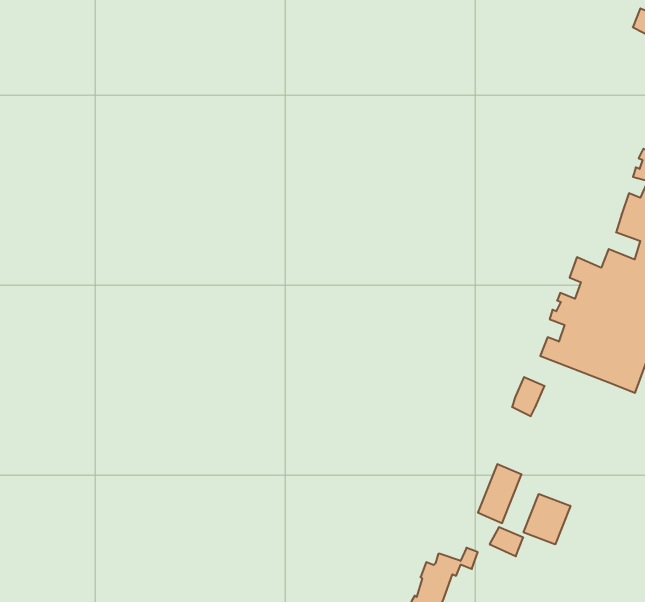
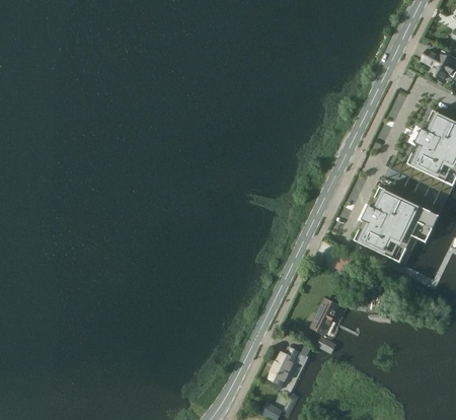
building: [524,494,570,544] -> none

